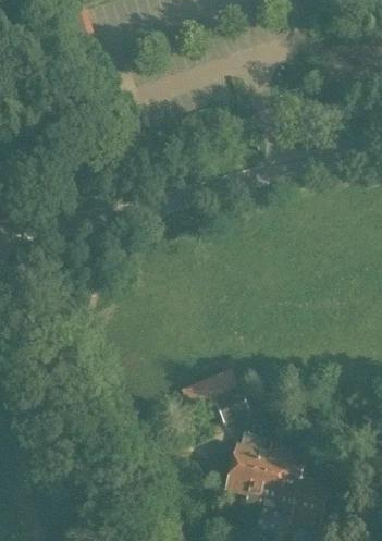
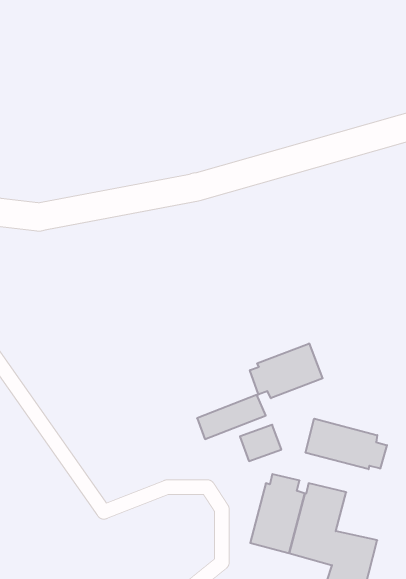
building: none -> [250,343,323,398]
building: none -> [306,419,387,469]

